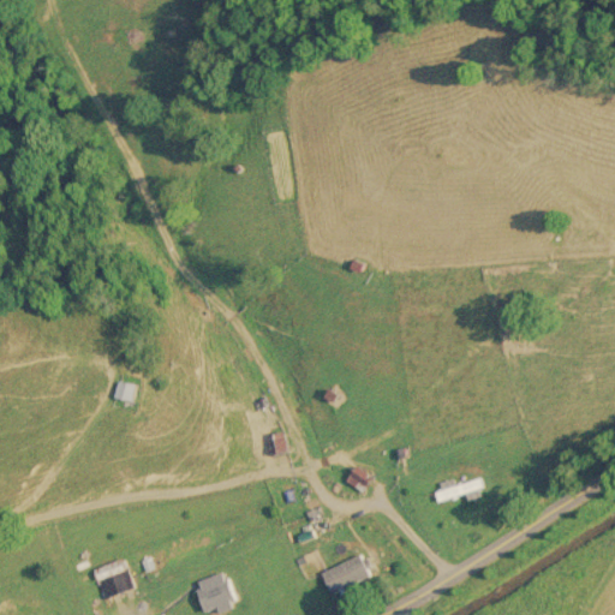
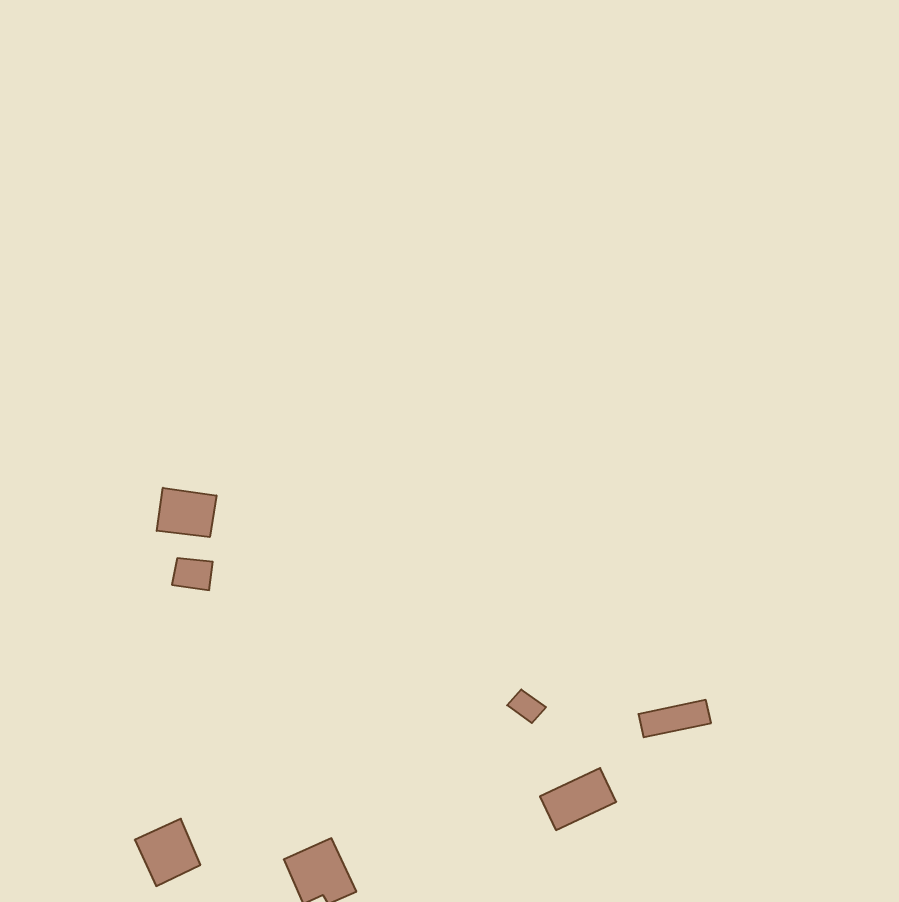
building: none -> [157,488,216,537]
building: [318,554,370,596] -> [540,768,616,830]

